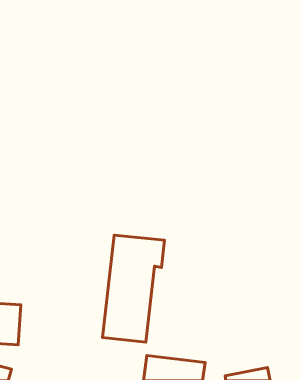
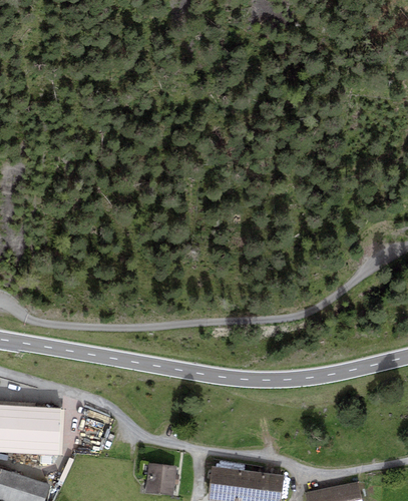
building: [103,235,164,342] -> none
building: none -> [146,463,179,494]

